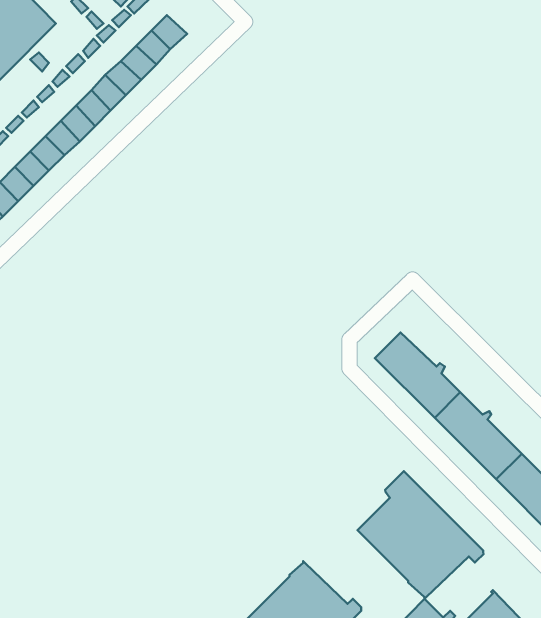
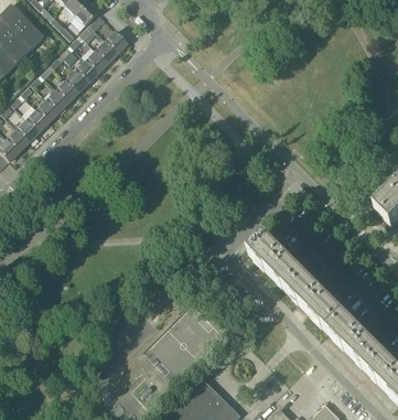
building: [357,471,483,599] -> none

